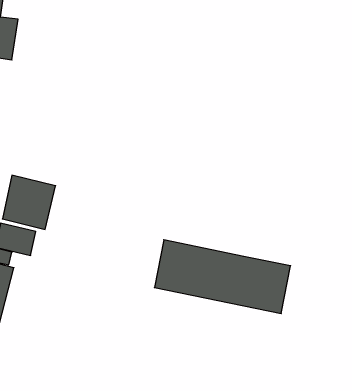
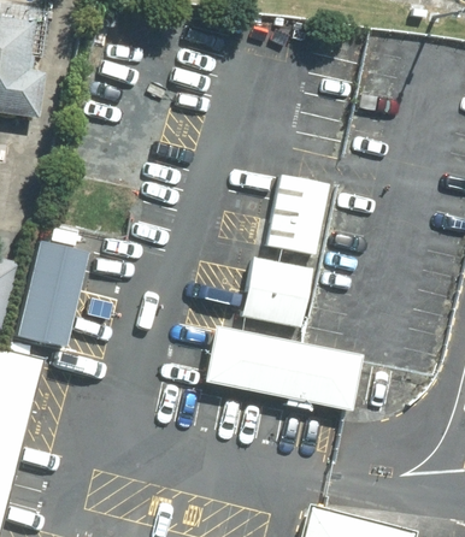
building: none -> [267,175,329,252]
building: none -> [242,254,314,326]

